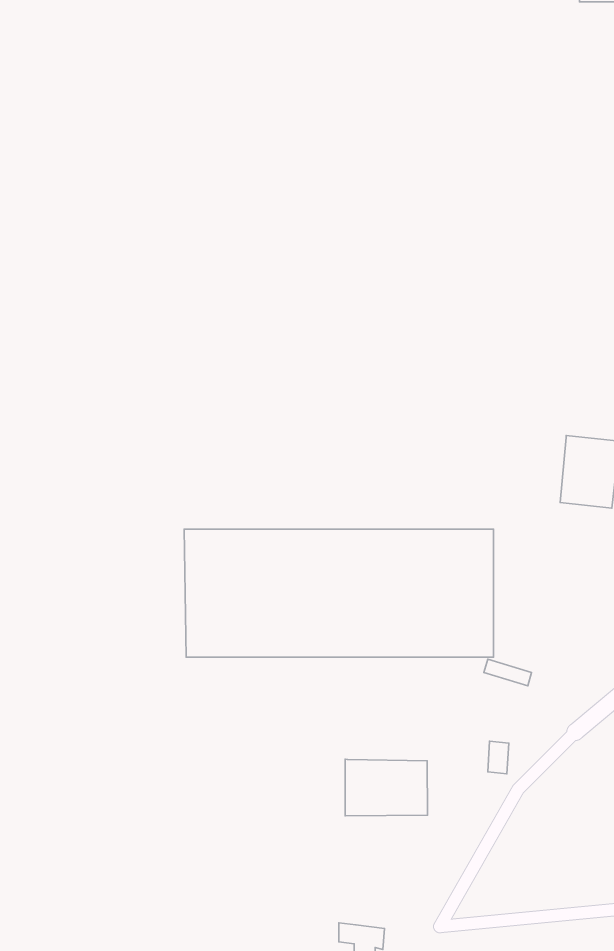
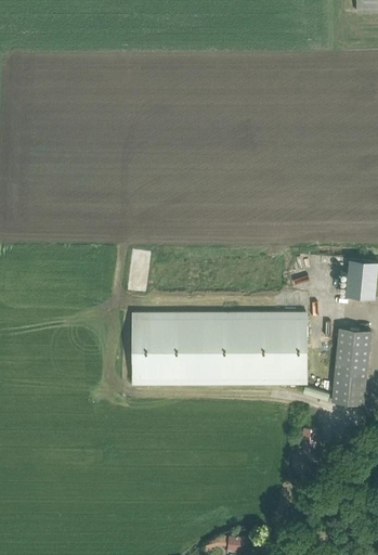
building: none -> [331,327,370,404]
building: [345,759,427,816] -> none

